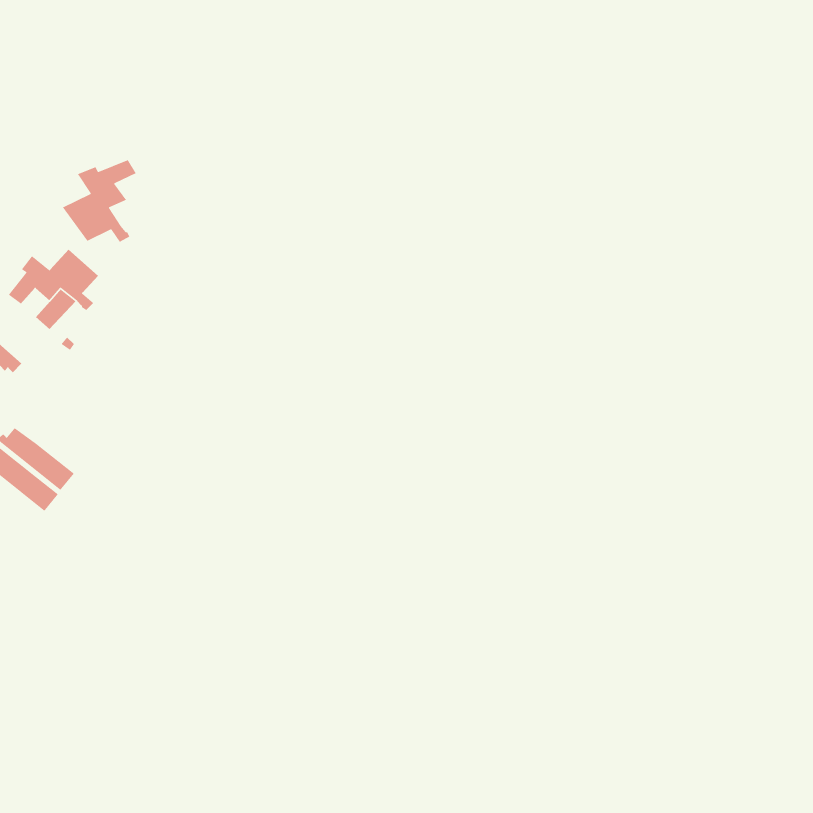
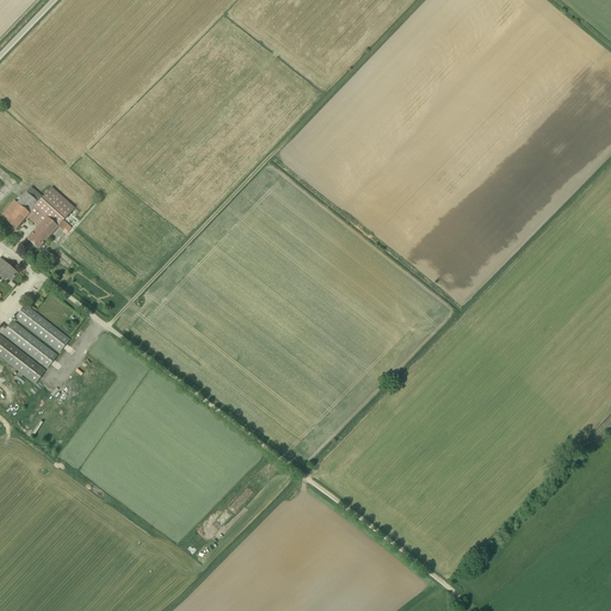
building: [62,159,137,243] -> none
building: none -> [13,303,69,352]

